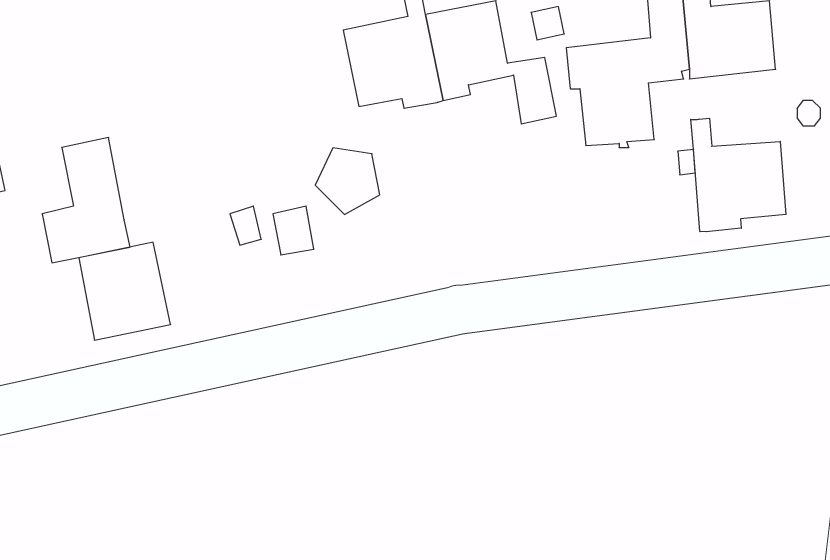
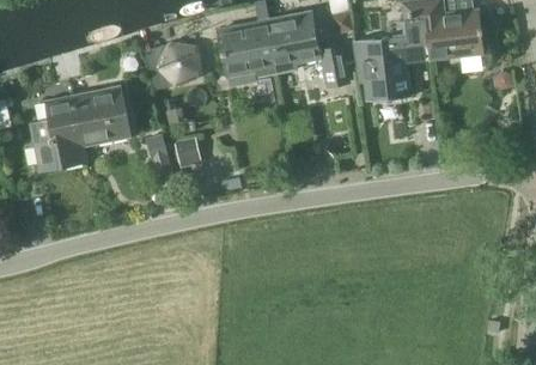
building: [691,118,786,232] -> none
building: [315,148,380,214] -> [159,44,199,85]
building: [79,242,171,340] -> [74,86,130,146]

